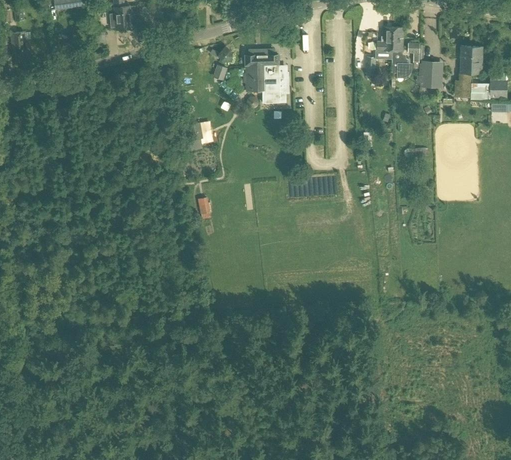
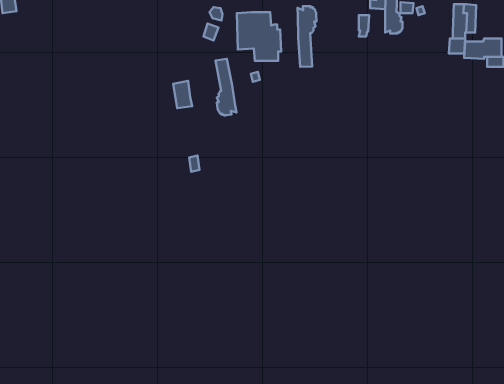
building: none -> [297,6,317,67]
building: [422,63,441,85] -> none
building: none -> [215,59,236,116]

